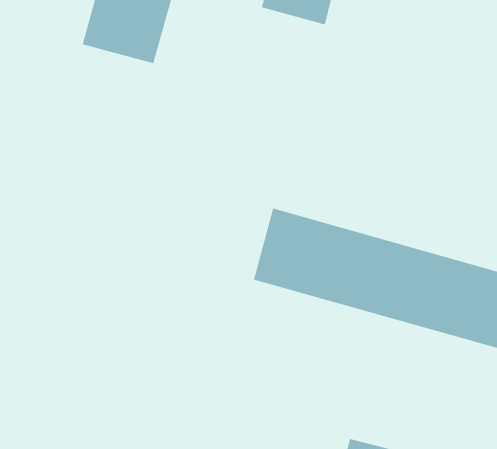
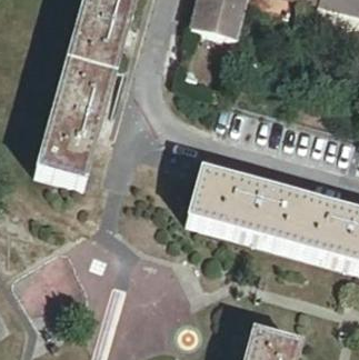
building: none -> [34,53,118,187]

